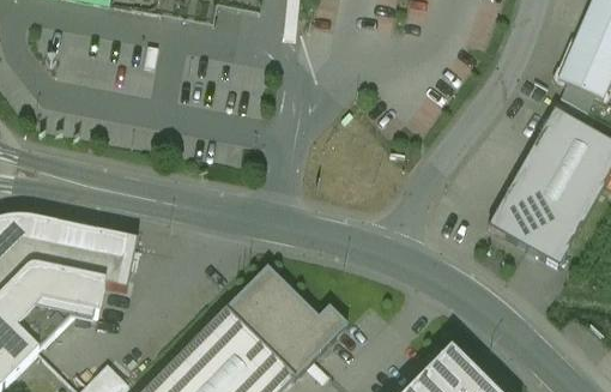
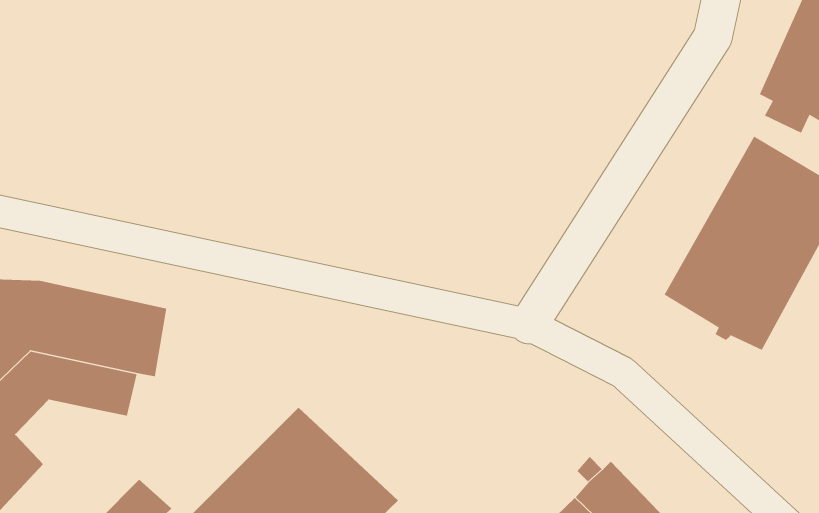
building: [223,265,347,378] -> none
building: [17,304,74,351] -> none

